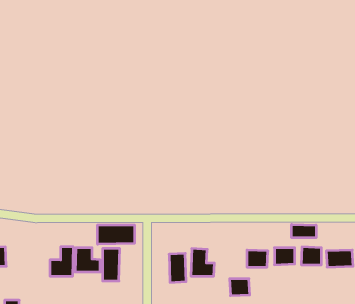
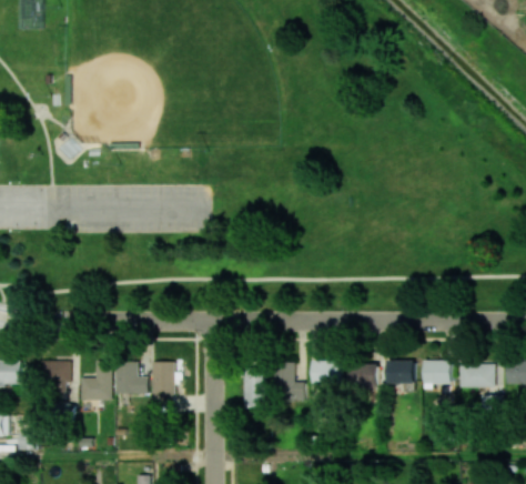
building: [292,224,316,238] -> none
building: [98,225,134,244] -> none
building: none -> [40,361,70,401]
building: [230,279,250,296] -> [313,361,341,384]

